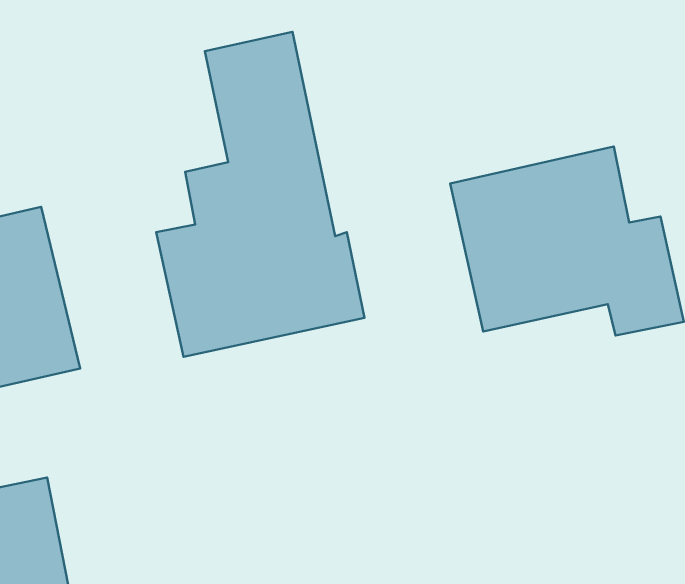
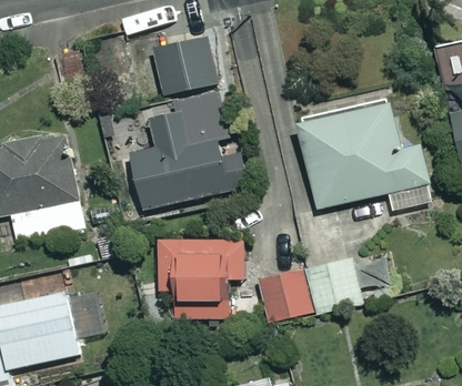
building: none -> [158,238,243,317]
building: none -> [259,268,313,321]

